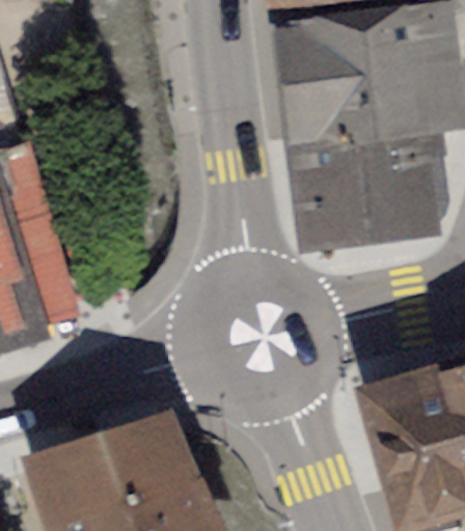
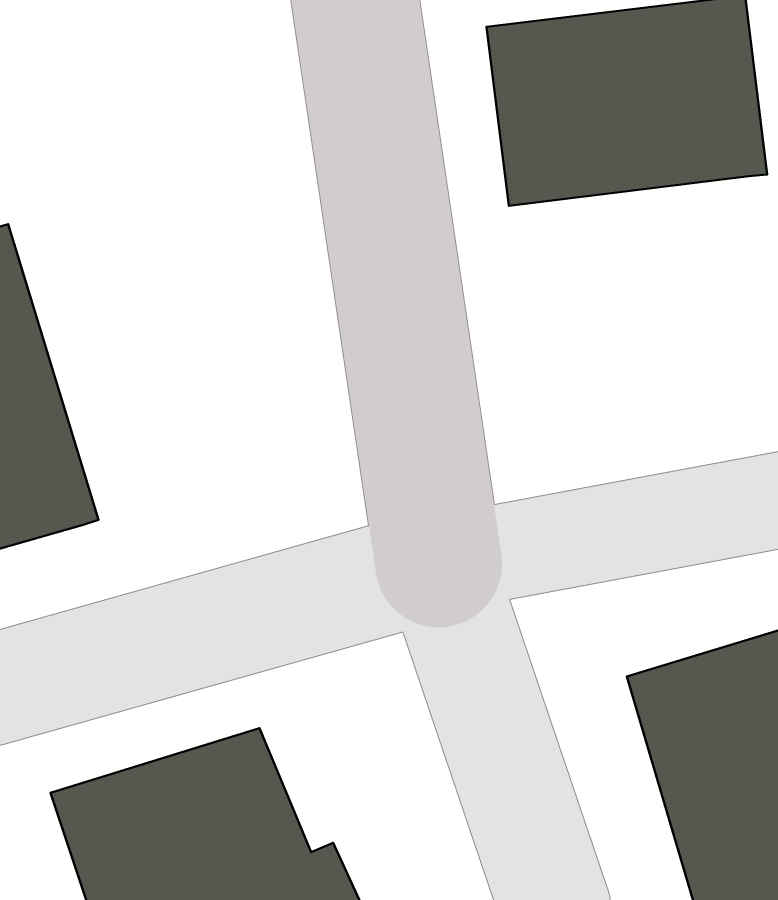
building: [304,119,443,233] -> none

